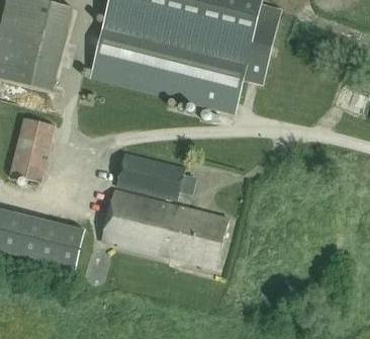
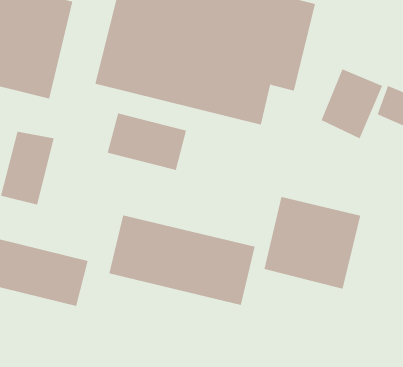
building: none -> [321,69,383,139]
building: [116,151,185,200] -> [107,113,187,171]
building: none -> [264,196,361,290]

